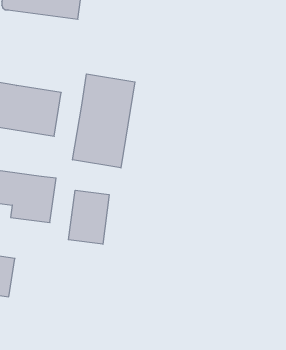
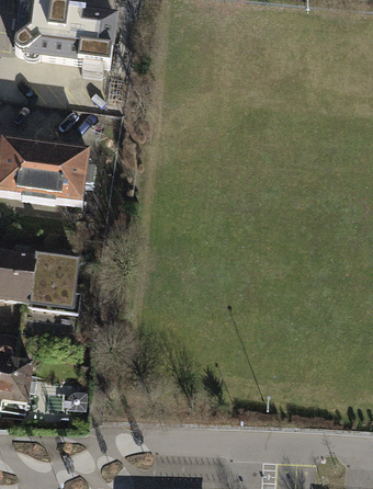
building: [73,74,135,168] -> none
building: [68,190,109,244] -> none

